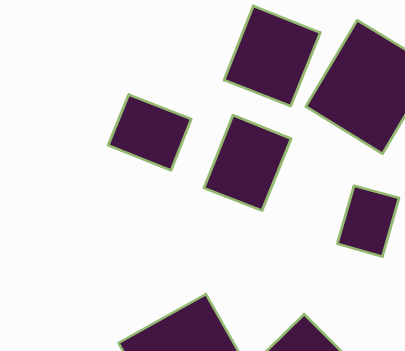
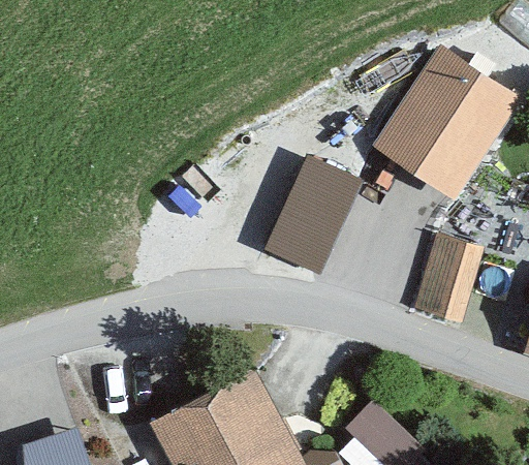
building: [224,6,320,106] -> none
building: [108,94,191,170] -> none

